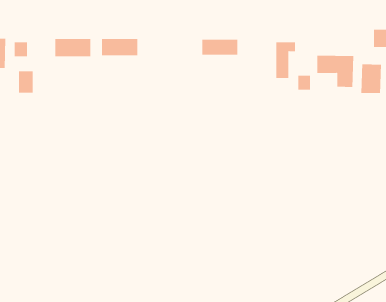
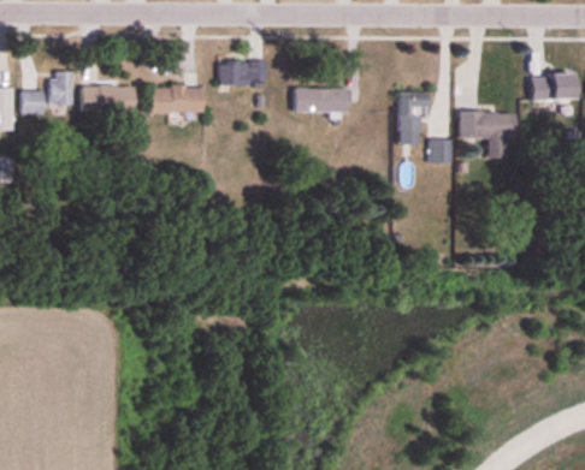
building: none -> [219,61,266,84]
building: [361,64,381,94] -> none
building: [18,71,33,93] -> [51,72,72,105]

